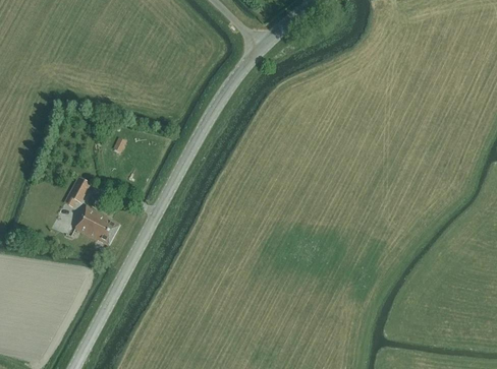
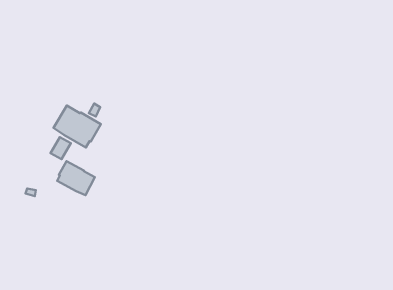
building: none -> [54,106,101,147]

